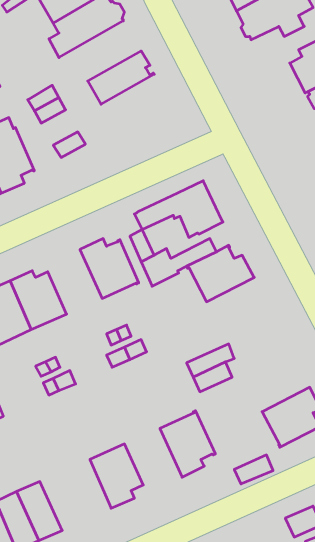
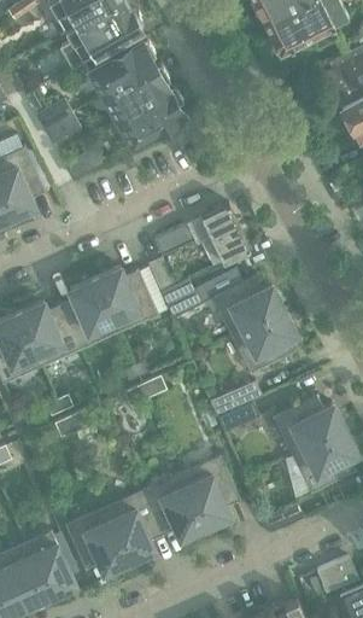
building: none -> [88,36,160,95]
building: none -> [117,88,185,146]
building: none -> [59,279,118,349]
building: none -> [232,309,295,374]
building: none -> [271,393,344,455]
building: none -> [142,473,205,537]
building: none -> [64,507,128,571]

